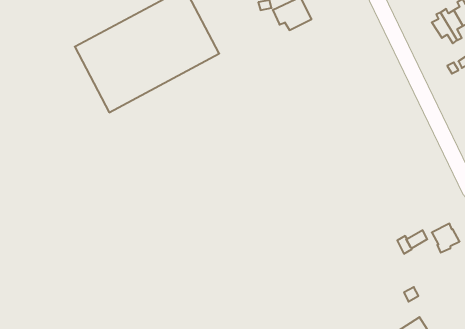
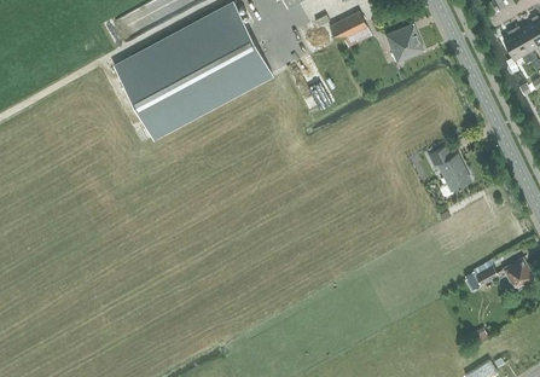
building: none -> [387,24,424,63]
building: none -> [429,146,471,197]

